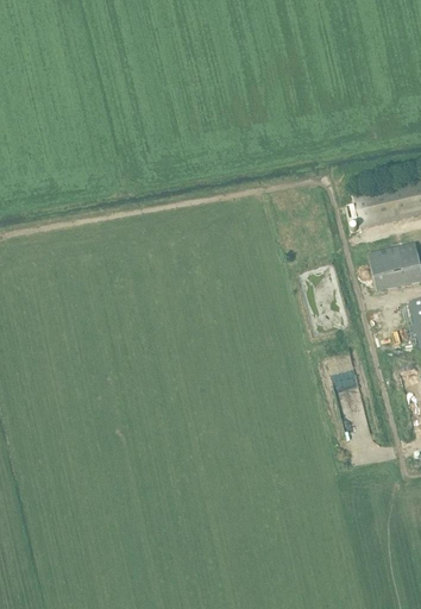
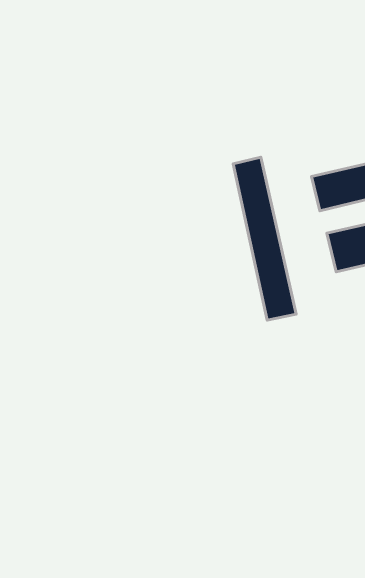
building: none -> [233,157,296,320]

